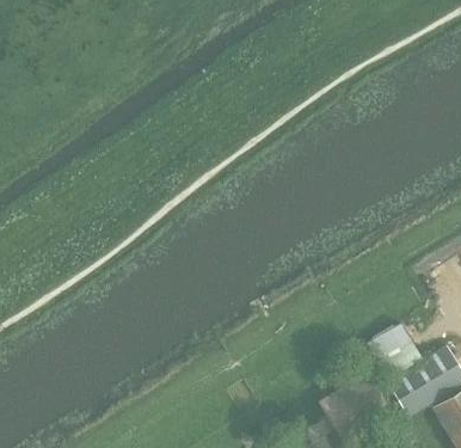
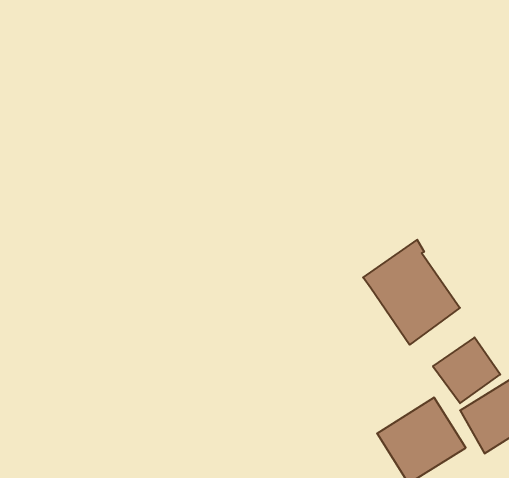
building: none -> [363,240,460,345]

